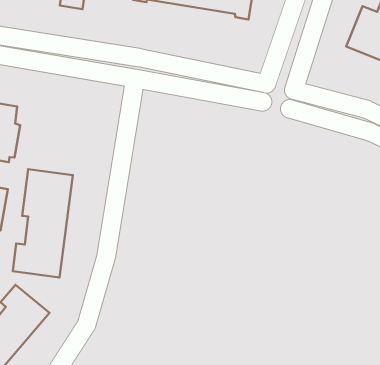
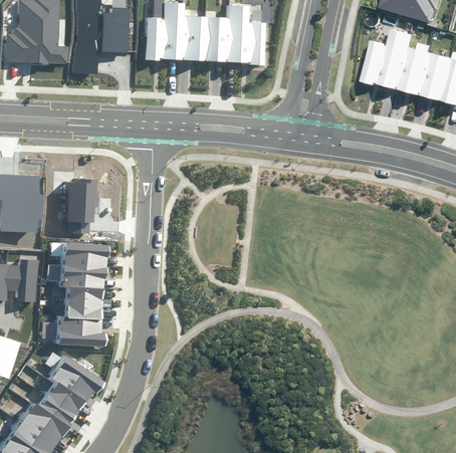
building: none -> [66,180,99,236]

